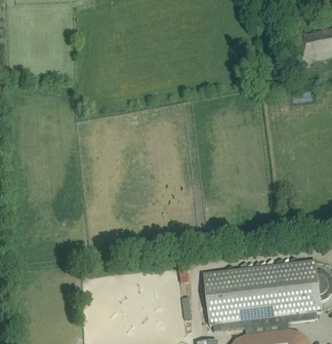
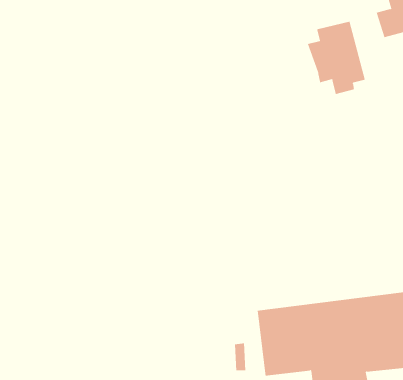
building: none -> [307,21,366,95]

